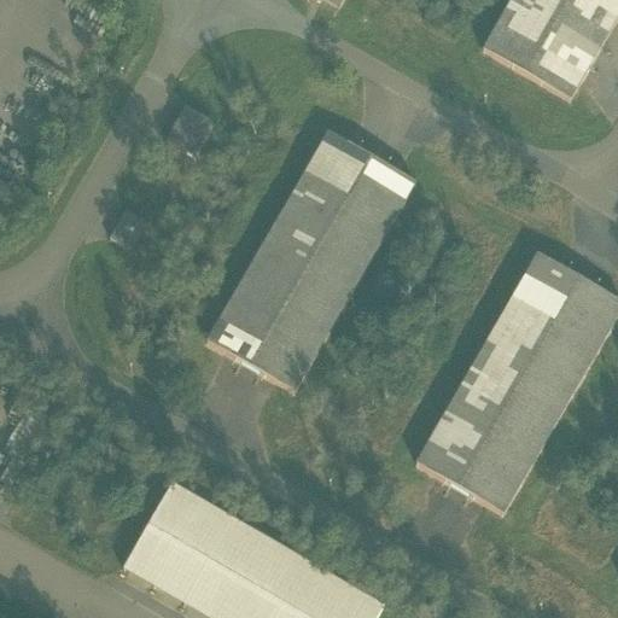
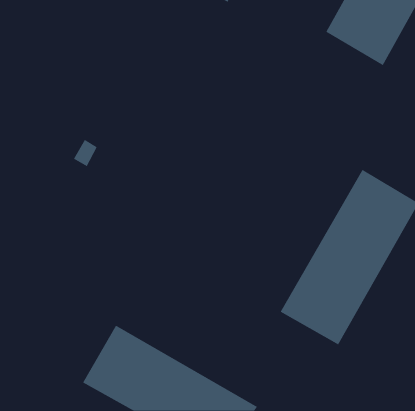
building: [167,104,214,153] -> none
building: [208,130,415,390] -> none

